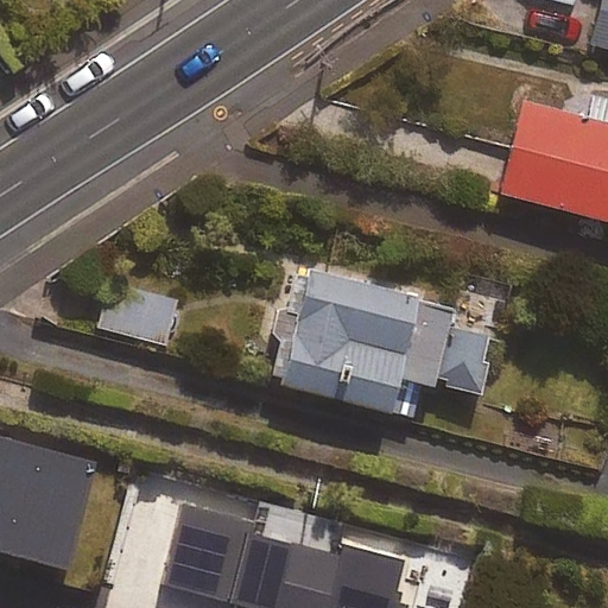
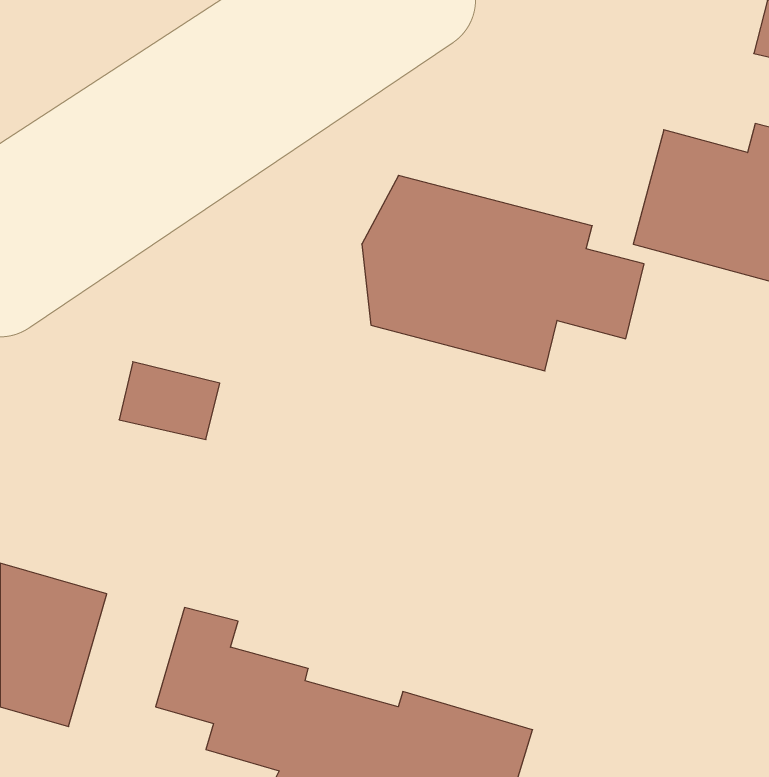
building: [273,267,493,419] -> [362,175,644,371]

